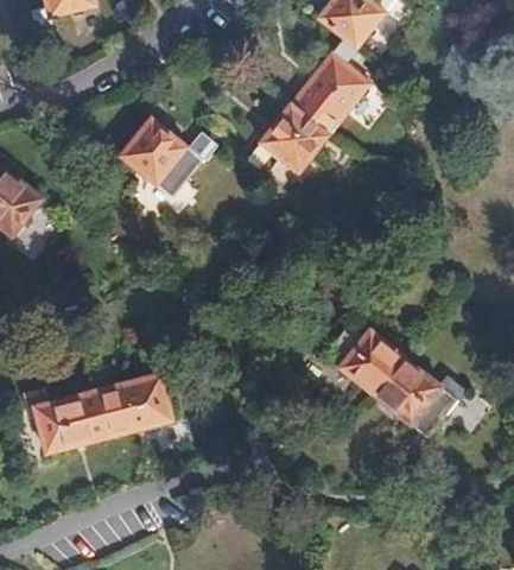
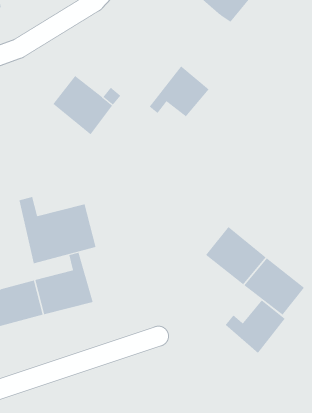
building: [291,38,370,137] -> none
building: none -> [19,196,96,264]
building: none -> [225,300,286,354]

